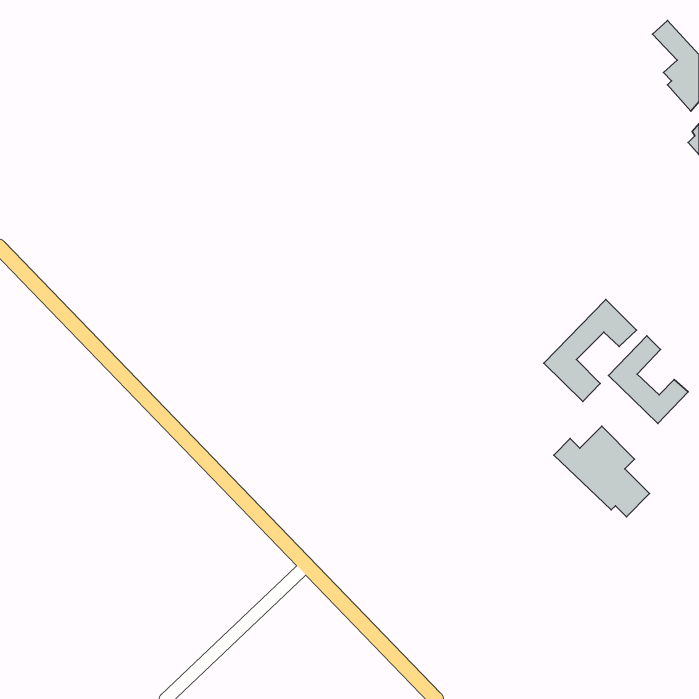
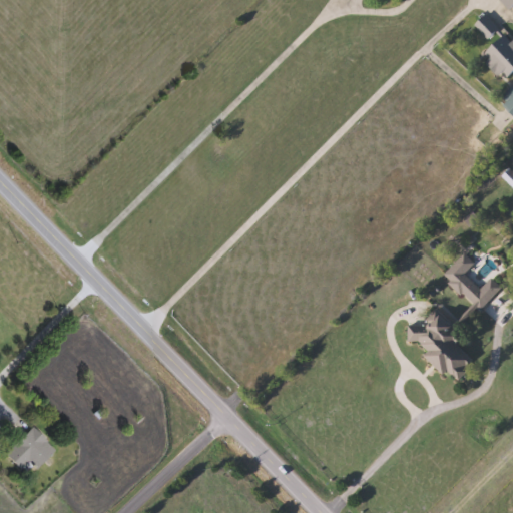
building: [544,300,636,402] -> none
building: none -> [6,428,56,470]

